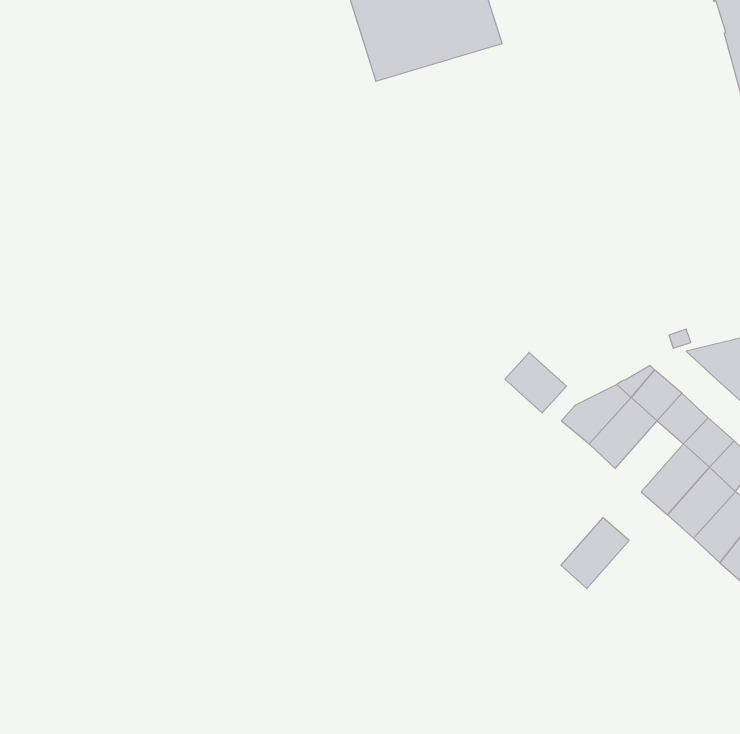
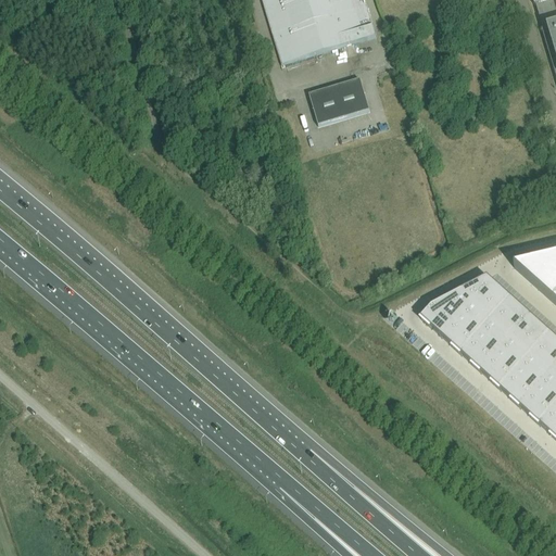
building: none -> [311,76,370,122]
building: [505,352,566,413] -> none
building: [561,517,629,589] -> [462,315,513,368]

